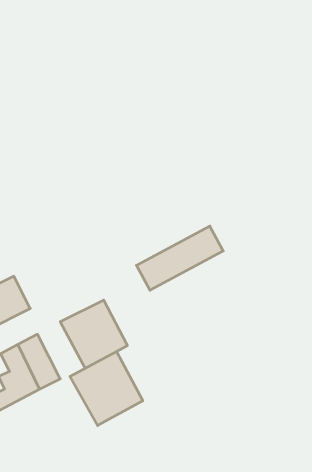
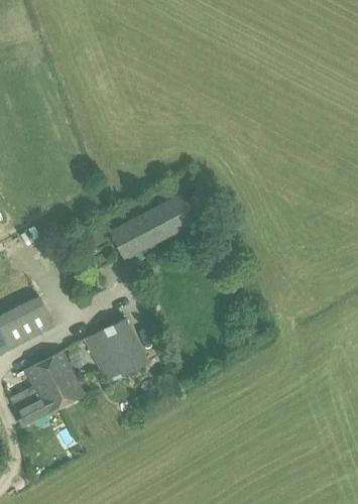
building: [136,226,223,290] -> [111,196,196,258]
building: [70,352,143,426] -> none

